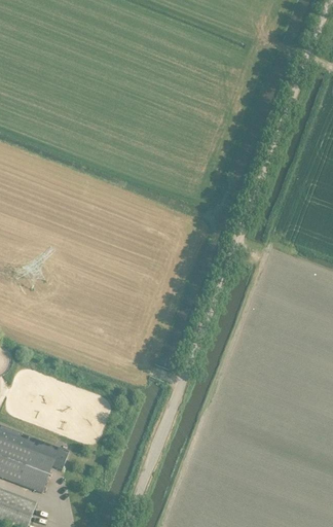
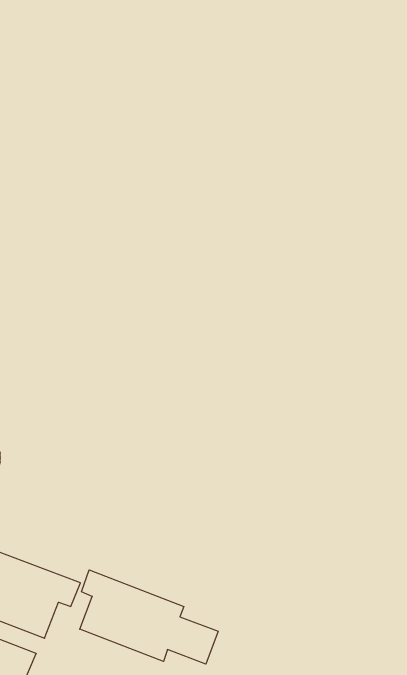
building: none -> [80,570,218,664]

